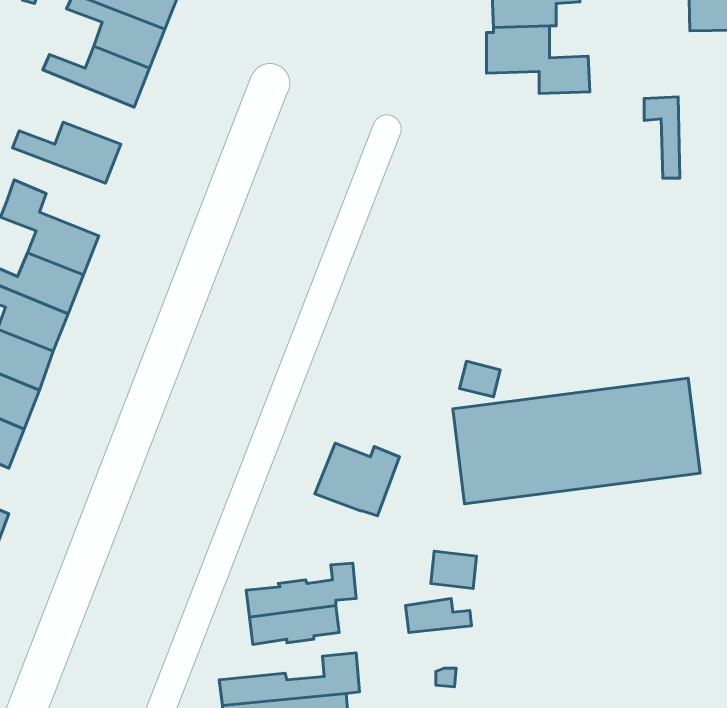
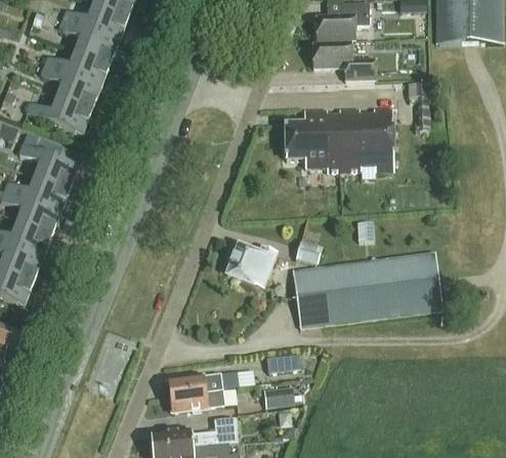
building: none -> [41,65,99,110]
building: none -> [285,107,393,171]
building: [315,443,399,516] -> [225,243,277,287]

